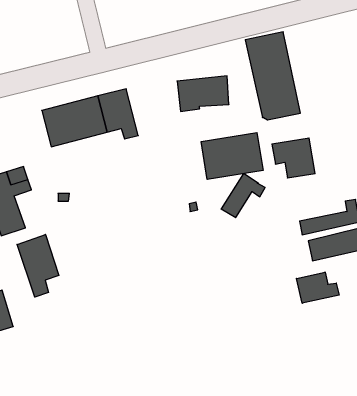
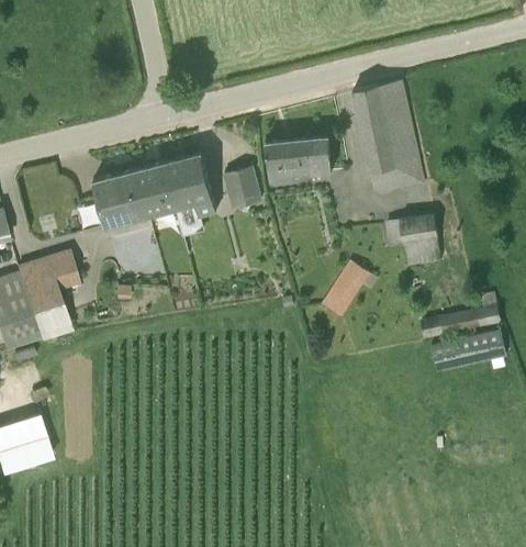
building: none -> [224,167,261,209]
building: [201,133,263,179] -> none
building: [17,234,59,297] -> none
building: [296,272,339,303] -> none

